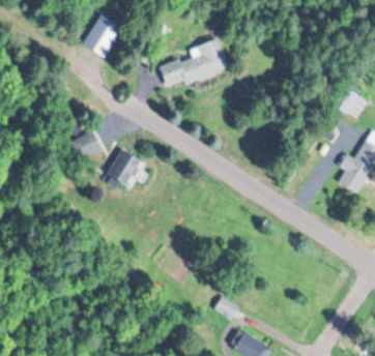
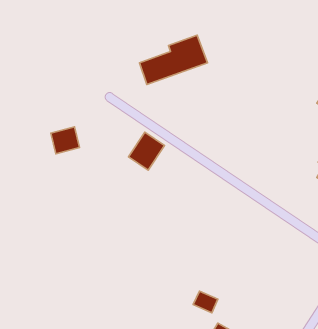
building: [82,14,122,58] -> none
building: [106,149,142,187] -> [128,132,165,170]

